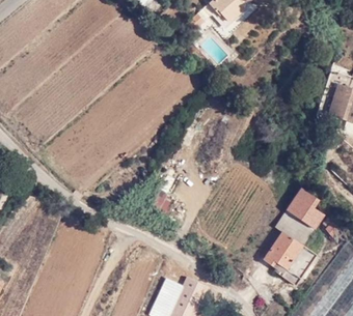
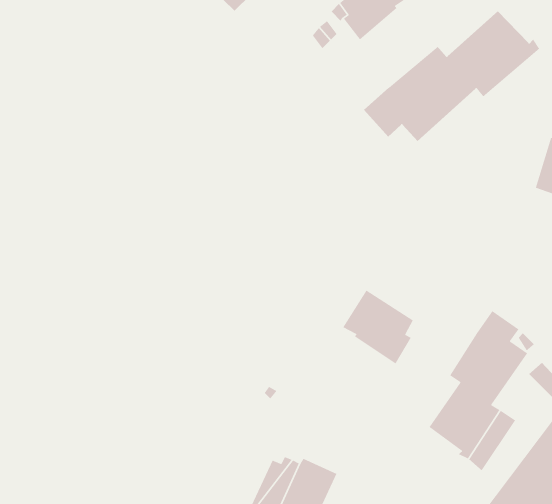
building: none -> [363,11,540,142]
building: none -> [342,290,414,364]

